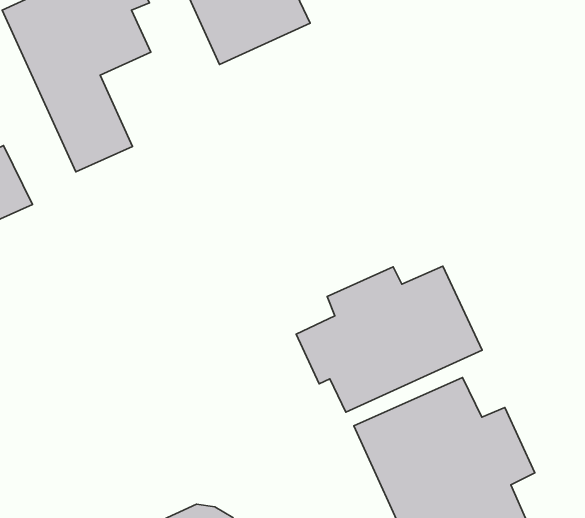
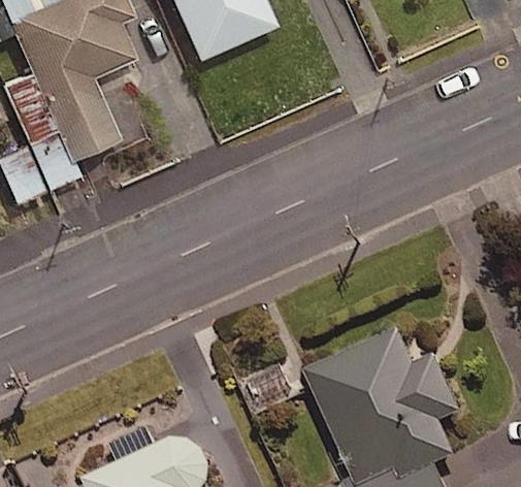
building: [296,266,482,412] -> none

